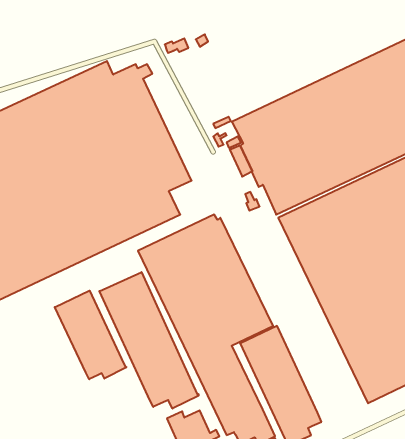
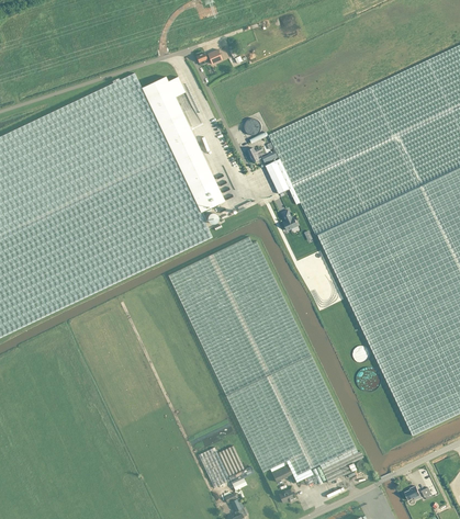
building: [99,272,199,409] -> none
building: [55,291,126,379] -> none

